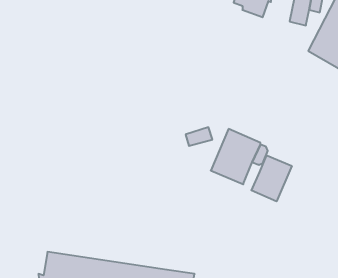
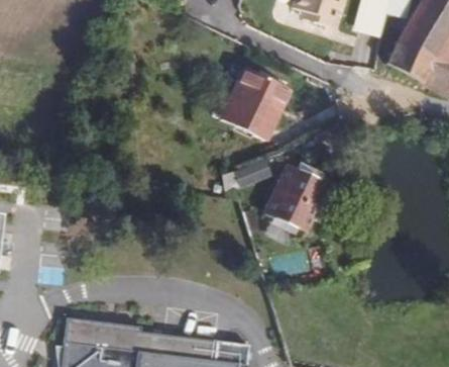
building: none -> [223,70,288,140]
building: [251,155,292,201] -> none

